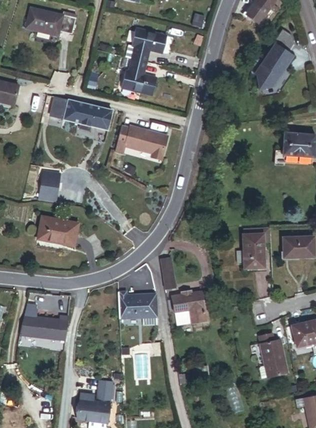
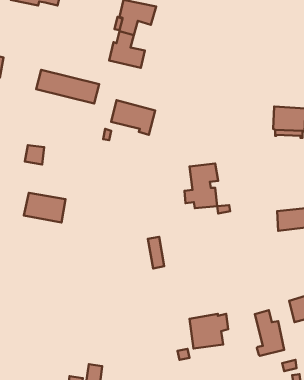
building: [252,40,291,87] -> none
building: [239,222,272,266] -> [185,163,218,208]
building: [121,291,159,316] -> none
building: [174,293,212,327] -> [189,314,228,349]
building: [24,309,72,342] -> none

